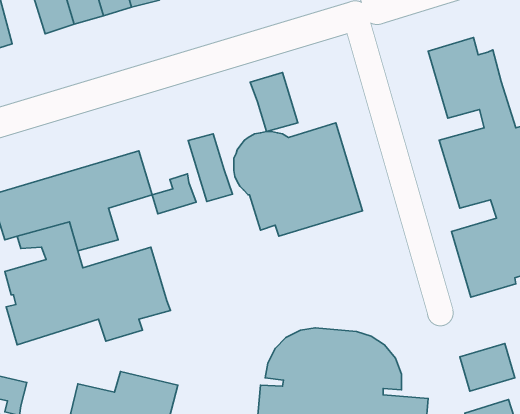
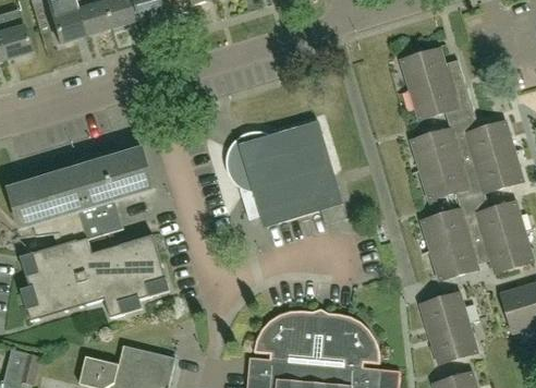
building: [250,73,298,131] -> none
building: [188,134,233,202] -> none
building: [152,174,196,214] -> none
building: none -> [419,291,468,332]

